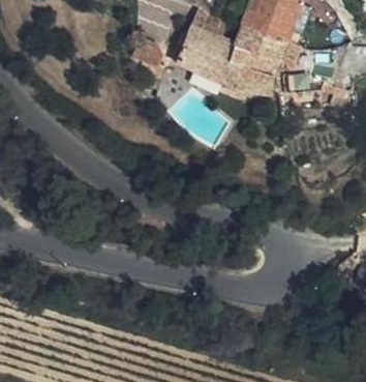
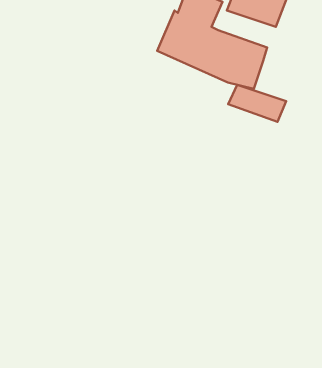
building: [233,24,287,59] -> [228,85,286,122]

